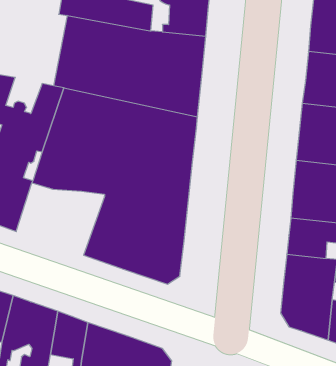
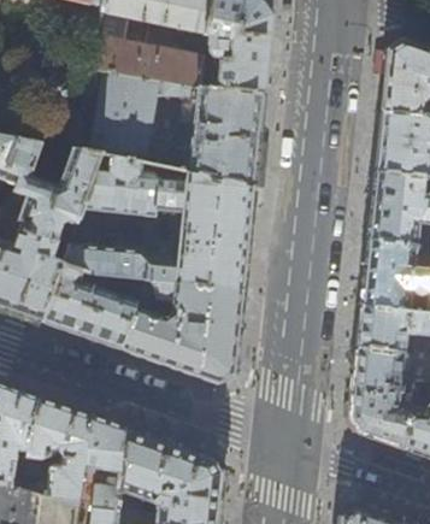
building: none -> [42,265,145,349]

